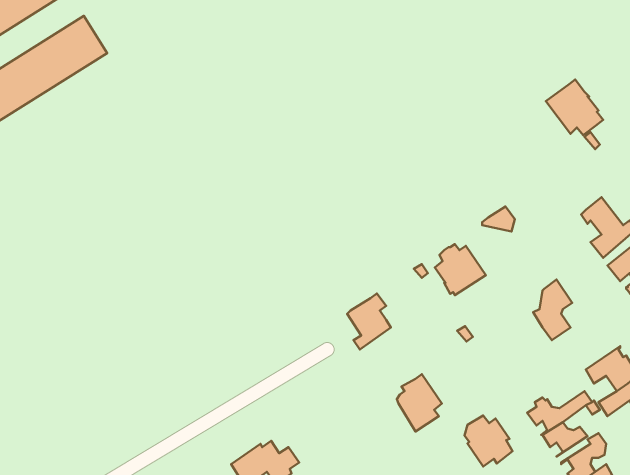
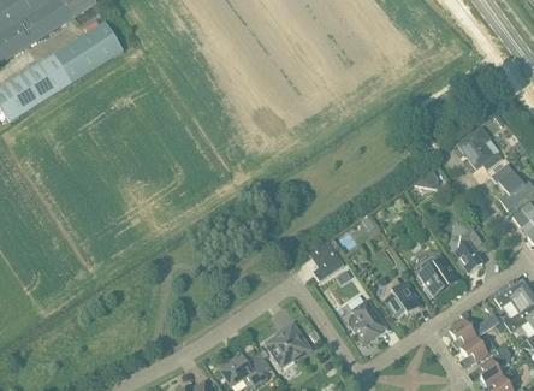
building: [546,79,603,135] -> [457,126,502,170]
building: [435,244,486,295] -> [417,256,457,296]
building: none -> [265,322,310,367]
building: [464,415,512,467] -> [381,278,419,318]

